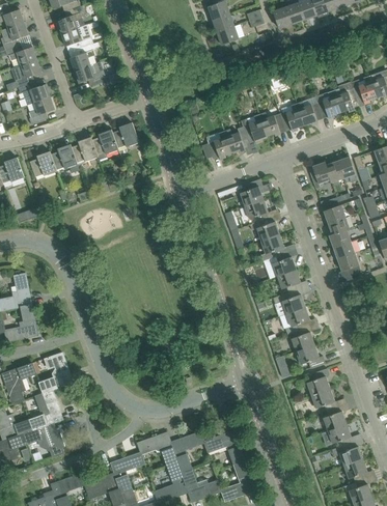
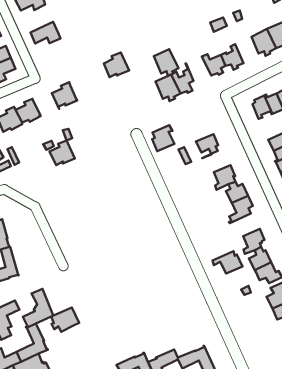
building: [70,43,100,72] -> none
building: [296,97,321,125] -> none
building: [241,114,267,143] -> [154,49,179,76]
building: [112,122,139,148] -> [104,52,129,77]
building: [71,137,98,163] -> [49,140,75,165]
building: [240,179,264,206] -> [152,125,174,151]
building: [249,219,279,242] -> none
building: [273,290,305,314] -> [213,251,243,274]
building: none -> [51,307,79,332]

